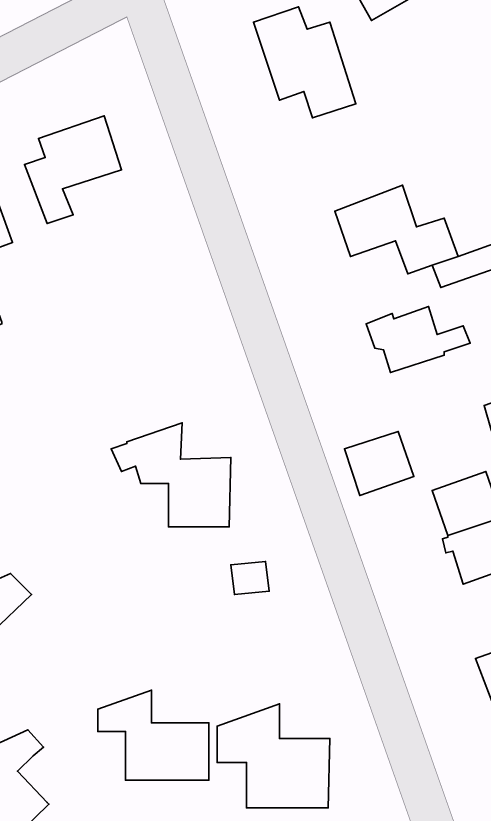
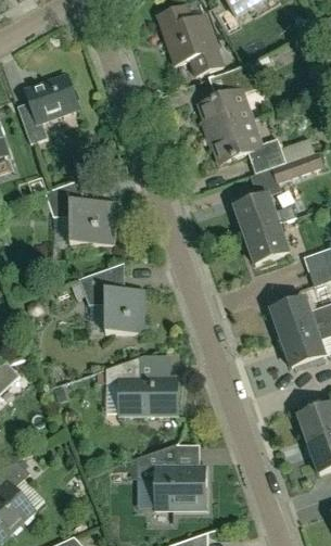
building: none -> [201,64,262,135]
building: none -> [44,177,115,245]
building: [344,431,414,496] -> [245,225,289,265]
building: [98,690,209,780] -> [105,357,175,414]

